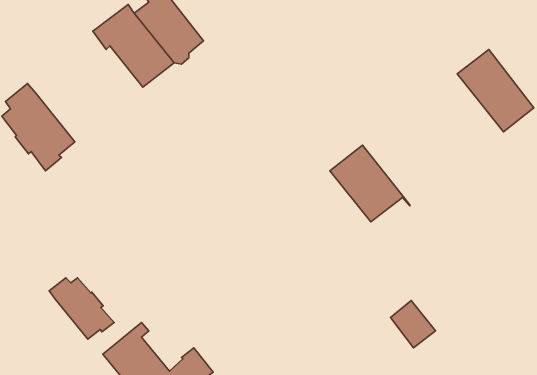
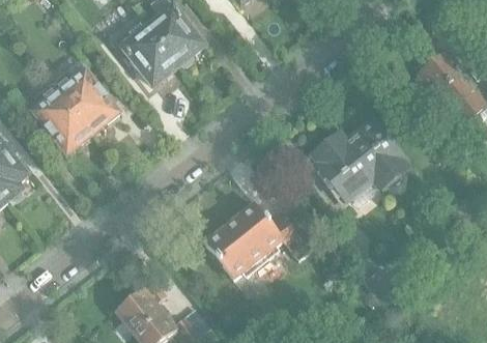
building: none -> [52,67,119,131]
building: none -> [338,120,402,184]
building: none -> [204,203,308,279]
building: [49,278,114,339] -> none

